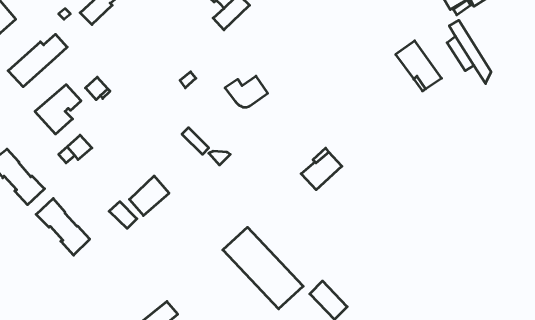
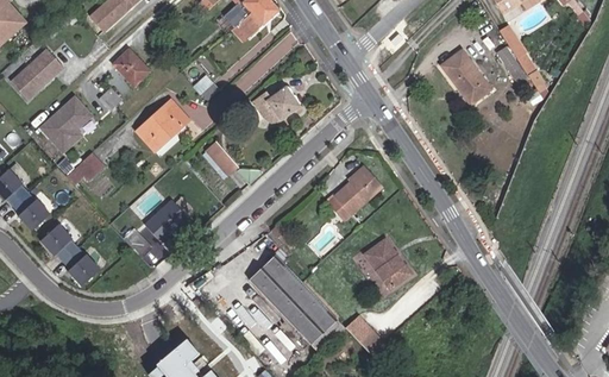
building: none -> [109,51,147,90]
building: none -> [136,100,188,152]
building: none -> [363,238,413,294]

